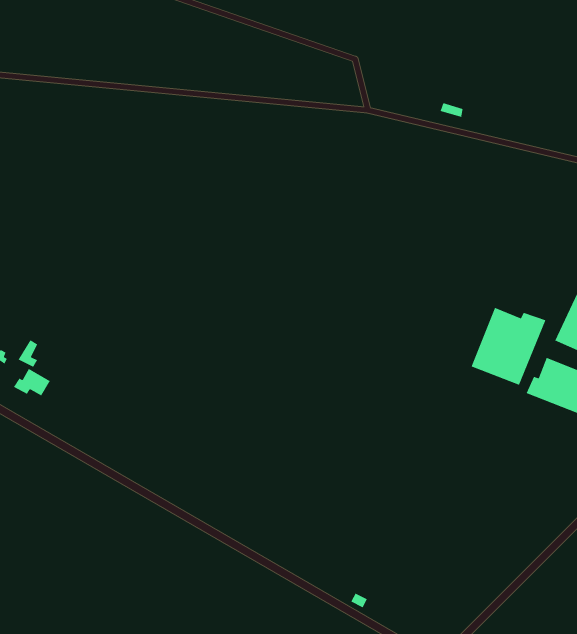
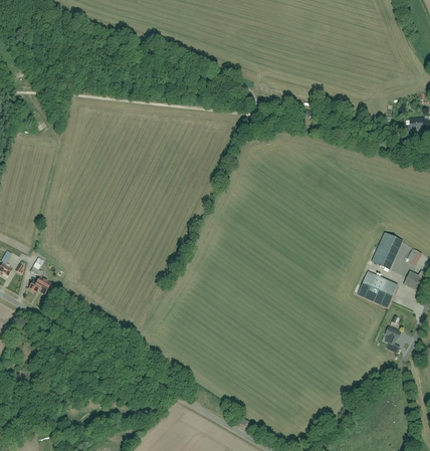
building: [471,307,546,386] -> none

